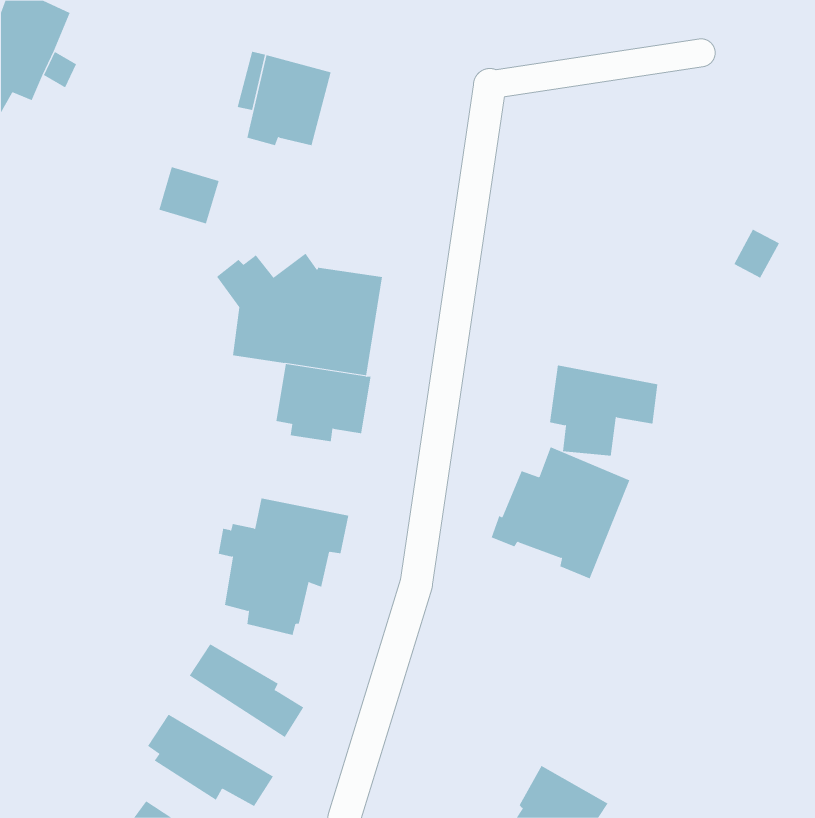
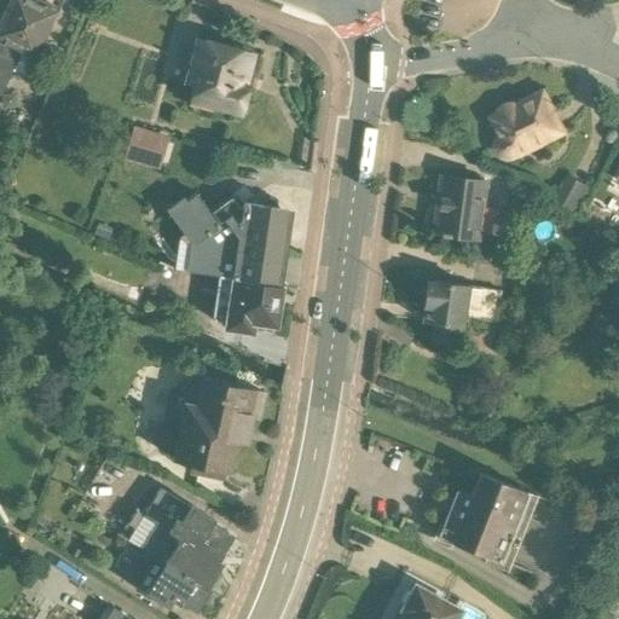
building: none -> [496,100,565,160]
building: none -> [432,174,501,241]
building: [491,446,630,579] -> [430,469,536,569]
building: none -> [127,510,221,586]

